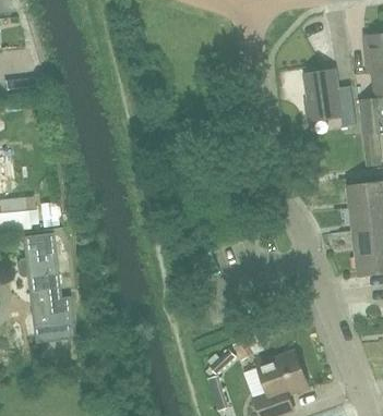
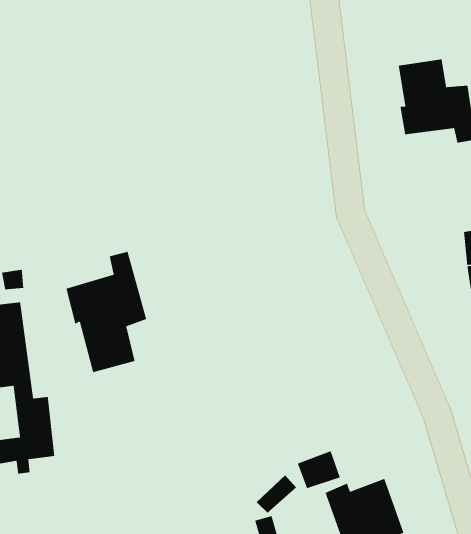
building: none -> [65,251,147,373]

